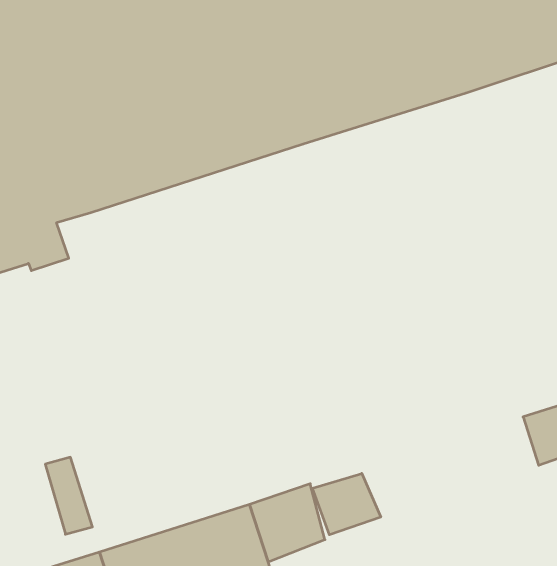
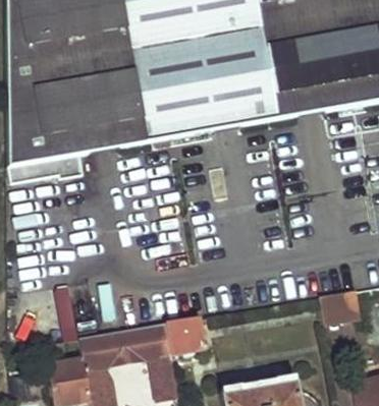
building: [312,473,381,535] -> none

